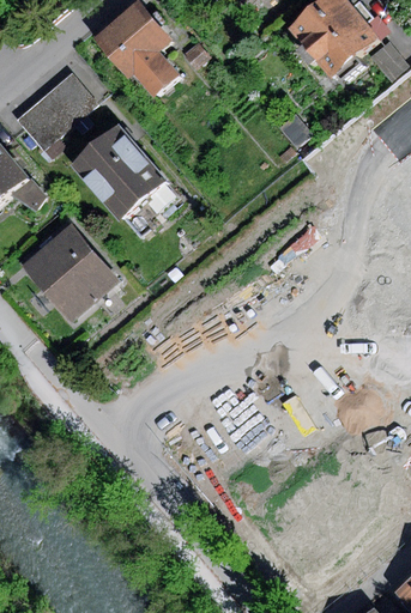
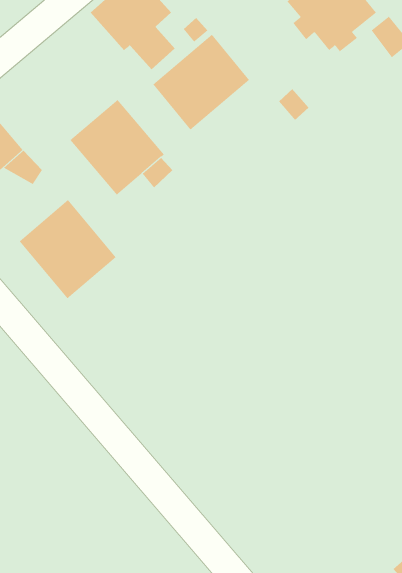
building: none -> [152,34,250,130]
building: [17,72,98,150] -> none

